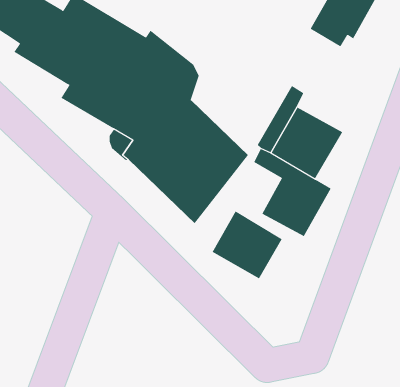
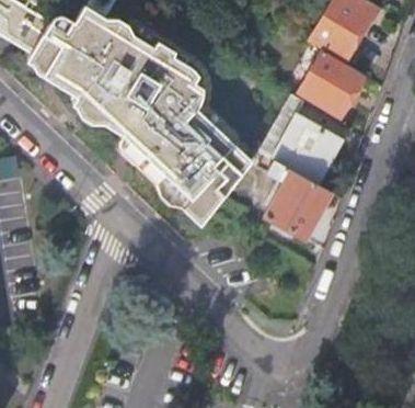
building: none -> [299,52,366,117]
building: [212,210,283,279] -> none

